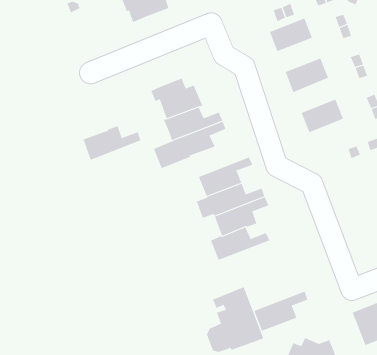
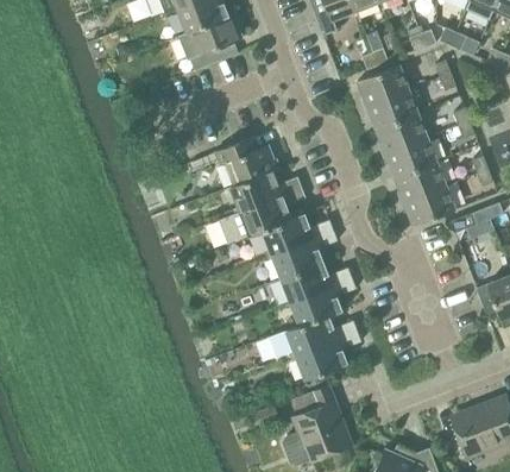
building: none -> [366,89,418,130]
building: none -> [385,137,436,178]
building: none -> [404,185,455,226]
building: [82,126,141,160] -> [263,213,333,254]
building: [253,291,308,332] -> [296,331,361,379]

